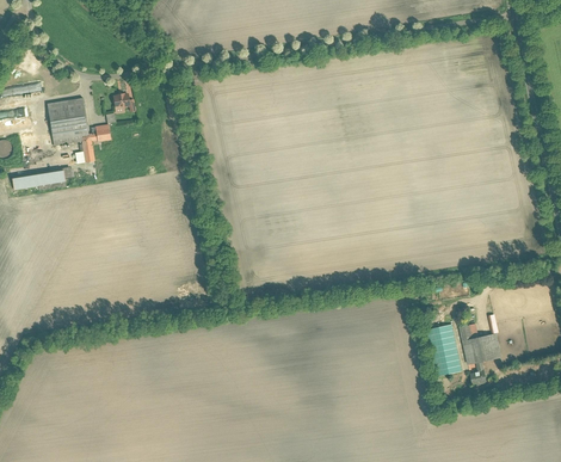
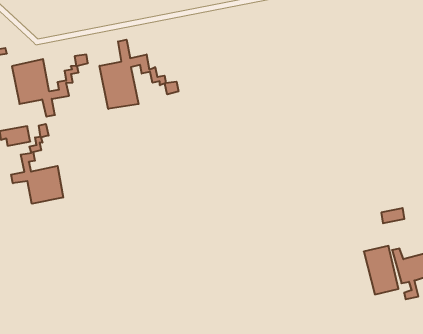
building: none -> [100,40,178,109]
building: none -> [11,124,63,204]

